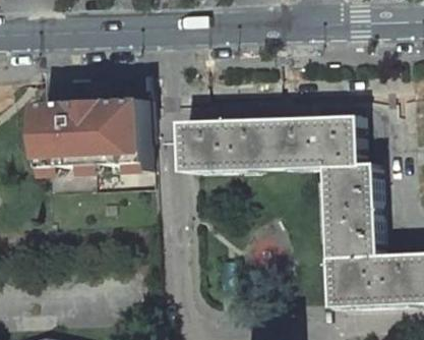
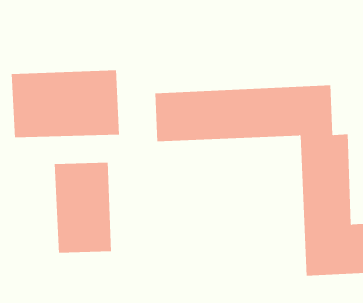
building: none -> [54,162,112,253]

